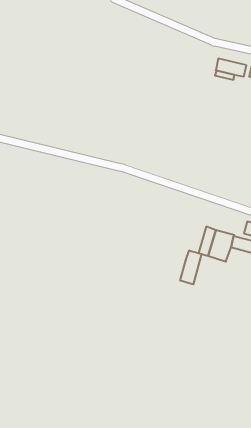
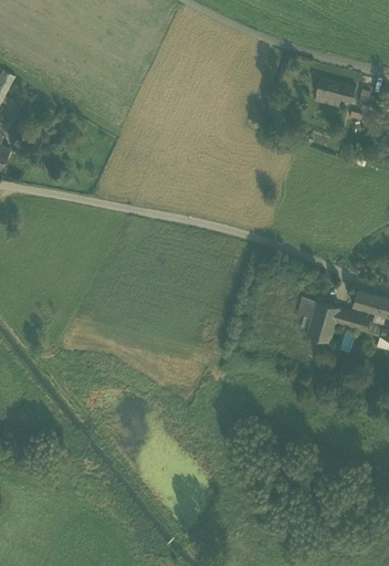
building: [180,250,202,284] -> none

